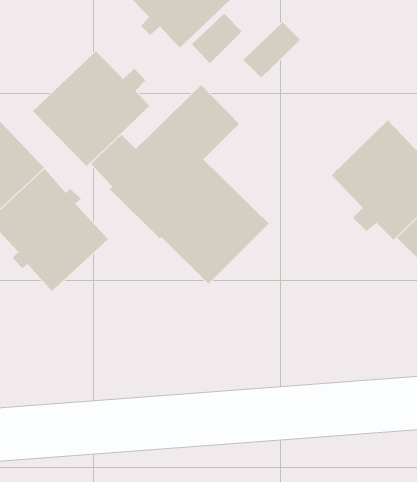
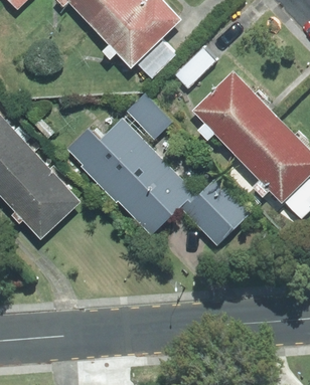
building: [32,50,150,167] -> none
building: none -> [192,72,278,157]
building: none -> [182,176,252,244]

